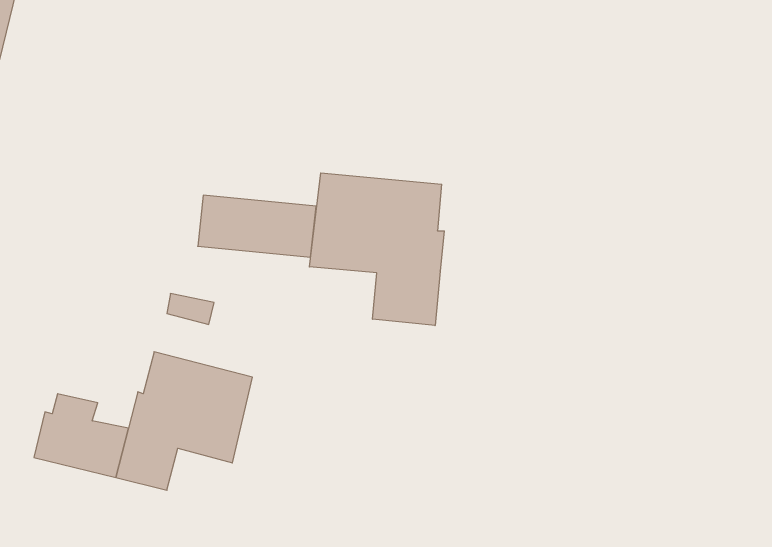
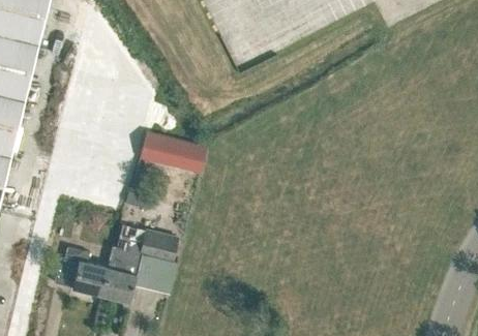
building: [309,173,444,326] -> none

